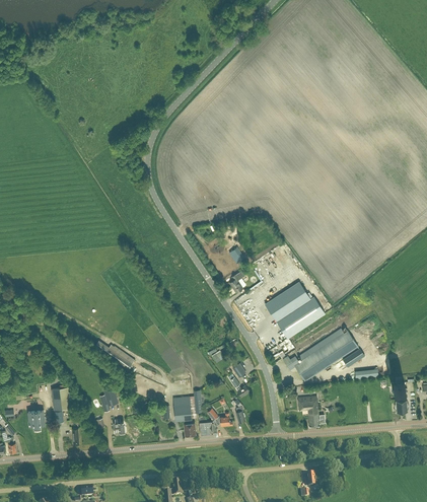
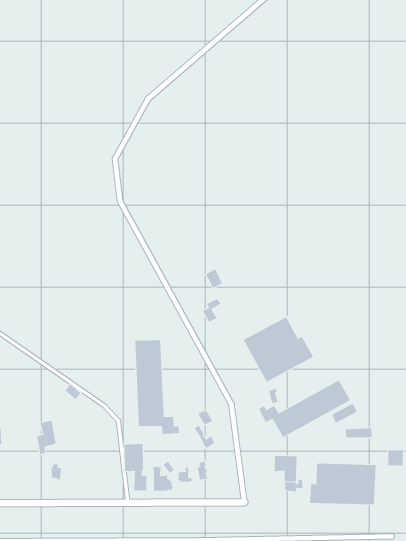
building: none -> [135,339,179,435]
building: none -> [309,463,376,505]

